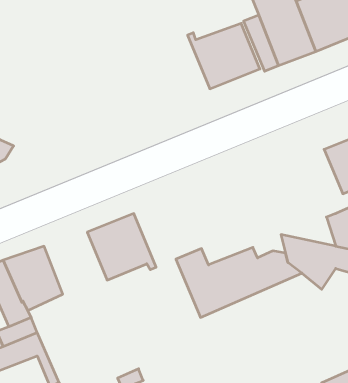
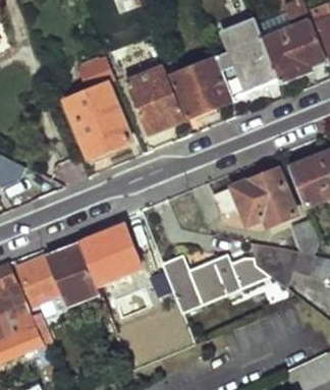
building: none -> [61,48,130,156]
building: none -> [125,65,184,132]
building: none -> [212,168,294,226]
building: none -> [43,240,101,305]

